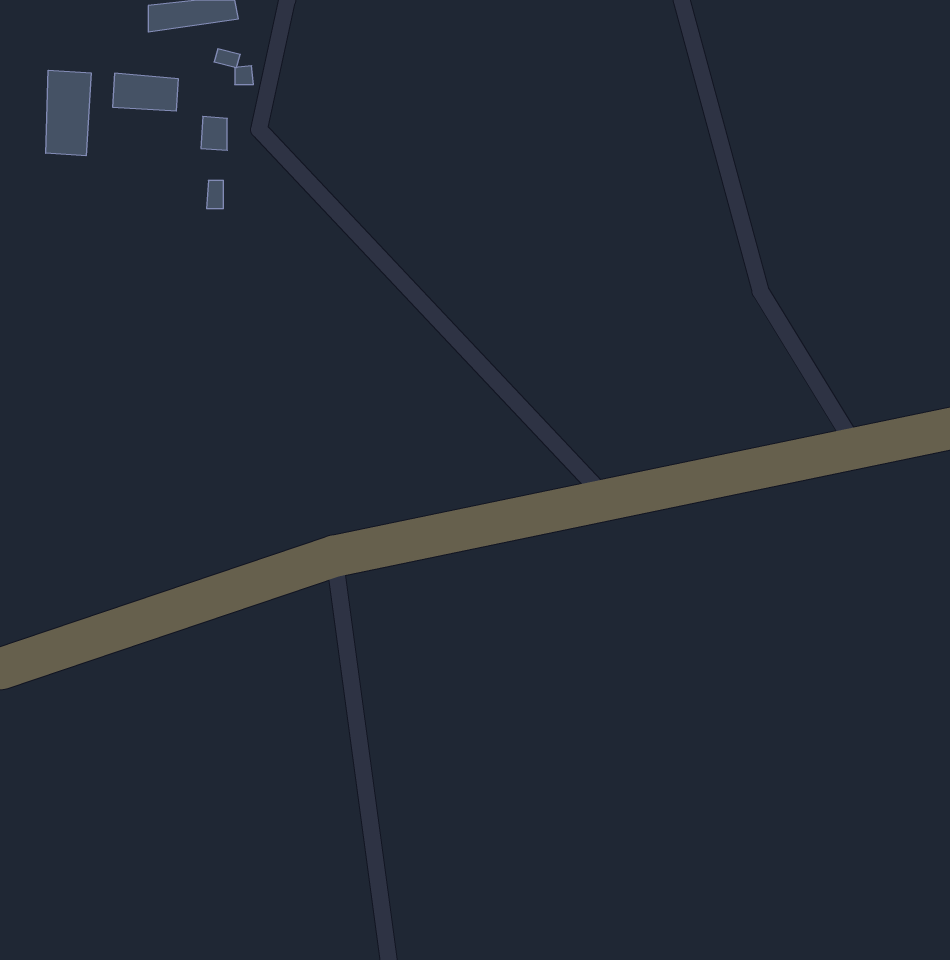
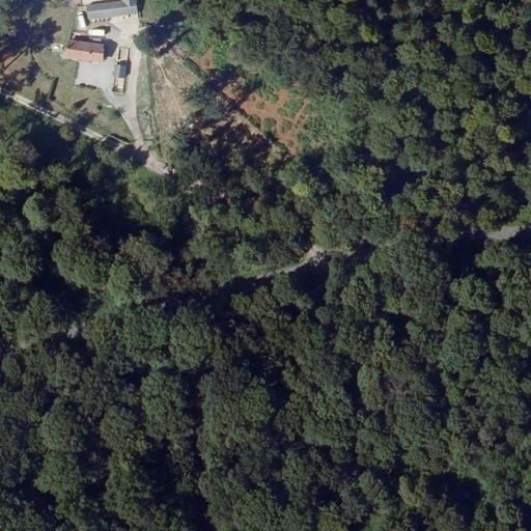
building: [46,70,91,156] -> none

